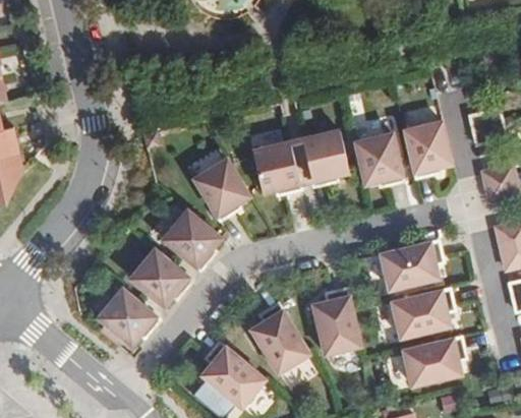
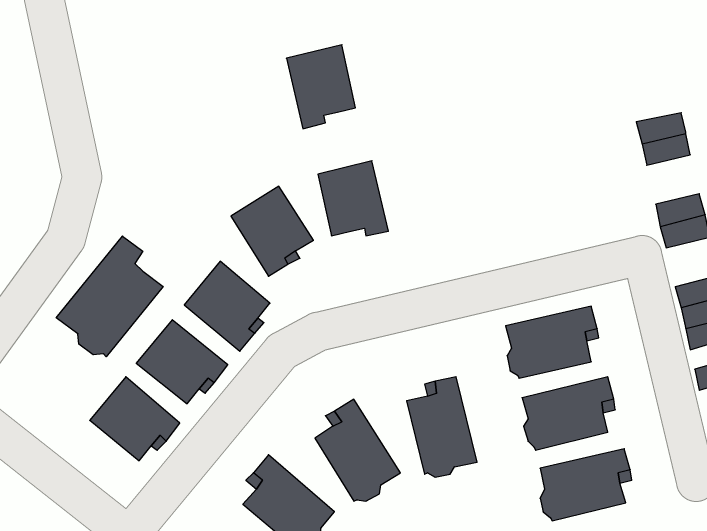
building: [404,121,451,177] -> none
building: [301,129,348,186] -> [286,45,355,129]
building: [354,133,403,184] -> none
building: none -> [56,236,163,357]

